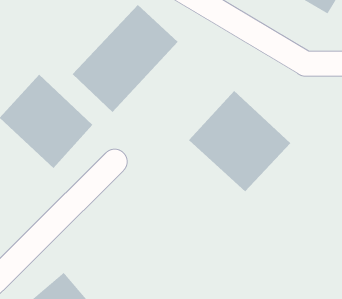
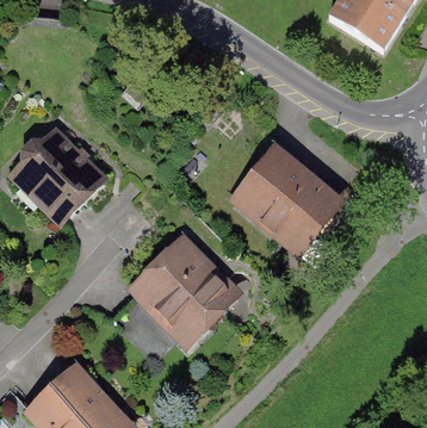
building: [72,4,179,113] -> none
building: none -> [123,229,240,347]

